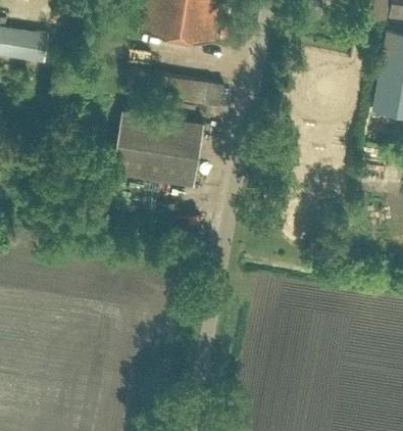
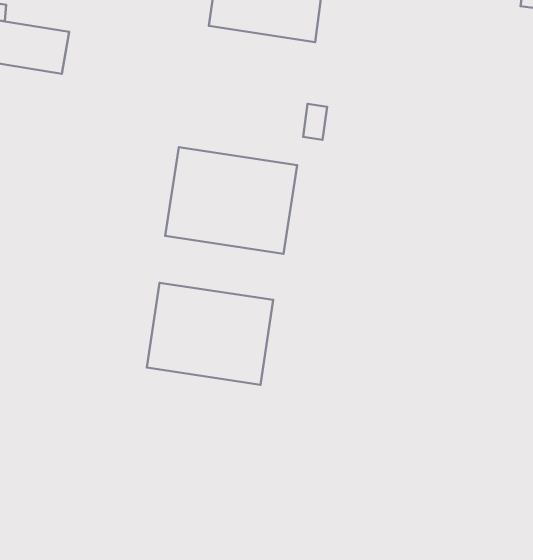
building: none -> [147,283,273,385]

